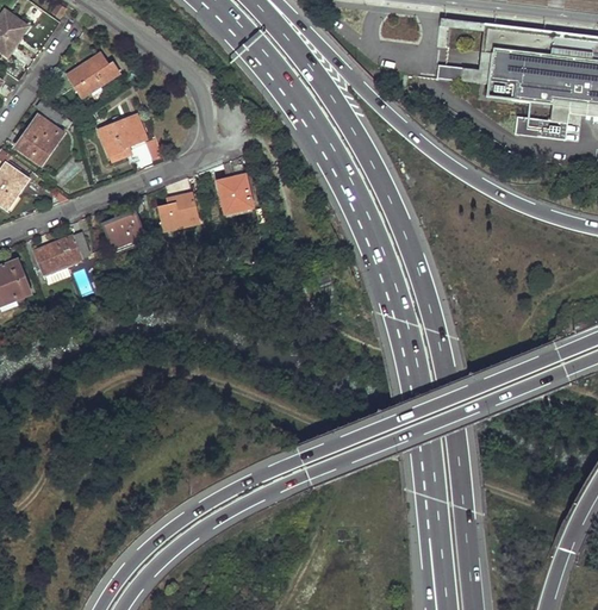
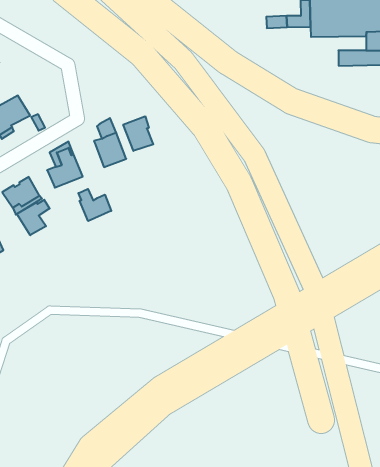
building: none -> [123,116,153,151]
building: none -> [78,189,111,221]
building: none -> [17,200,50,235]

